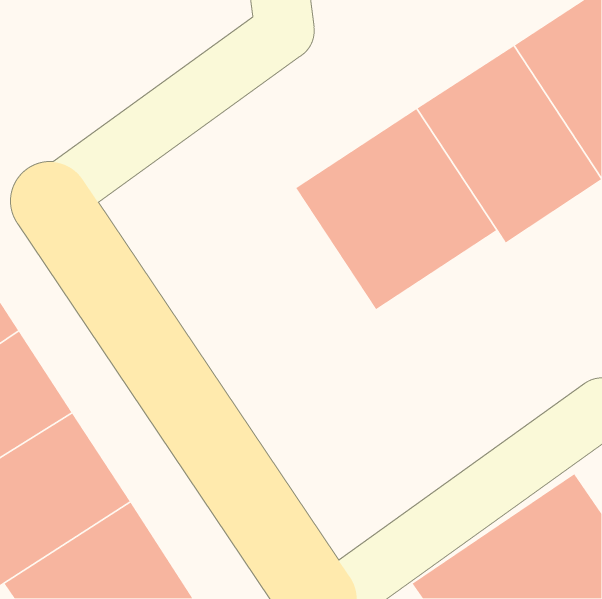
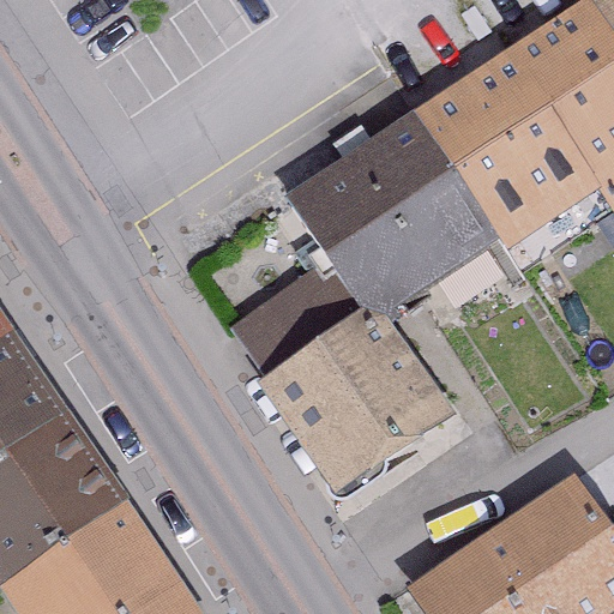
building: none -> [227,260,445,494]

